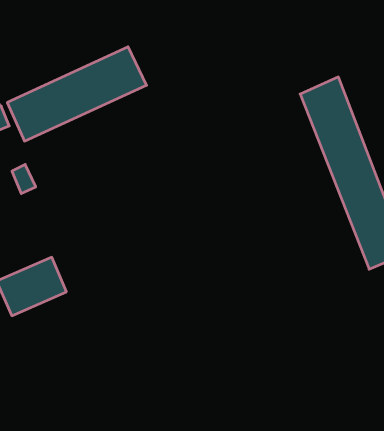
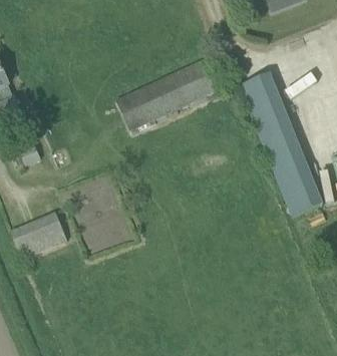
building: [7,47,147,141] -> [117,57,223,128]

